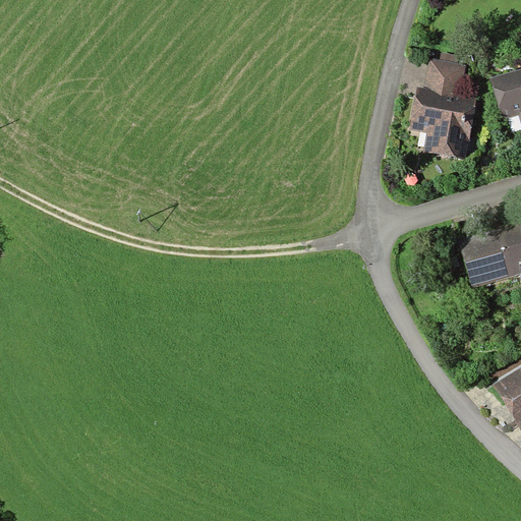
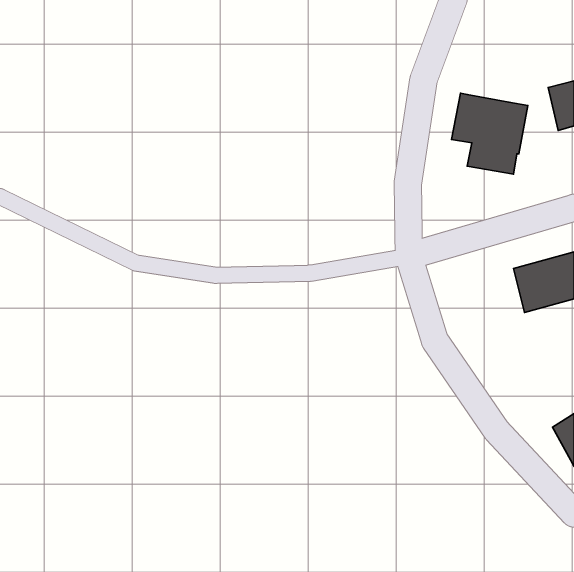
building: [423,51,467,93] -> none

